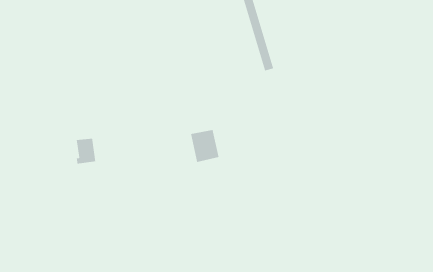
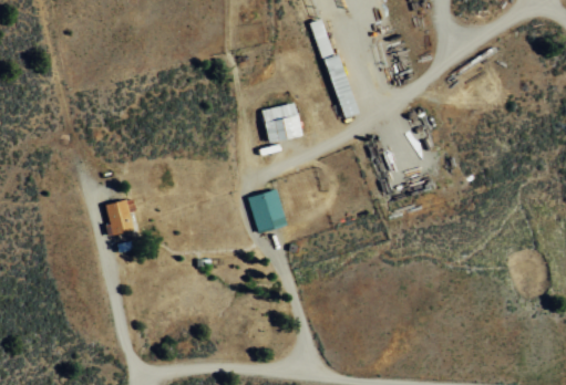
building: none -> [263,104,301,142]

